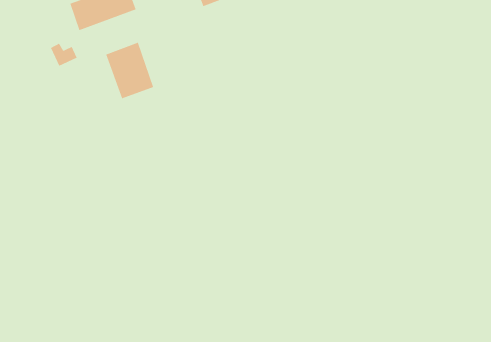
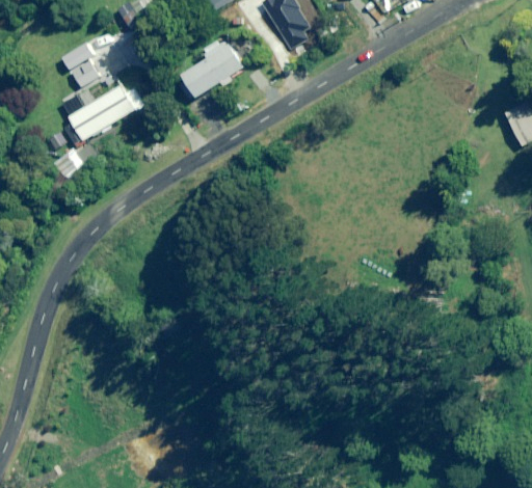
building: [105,42,154,99] -> none

